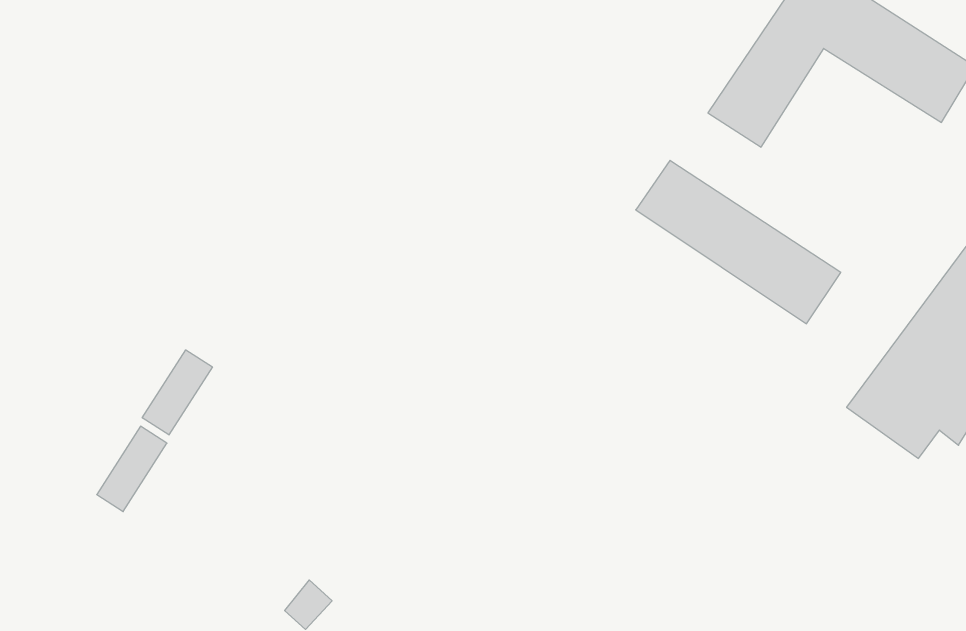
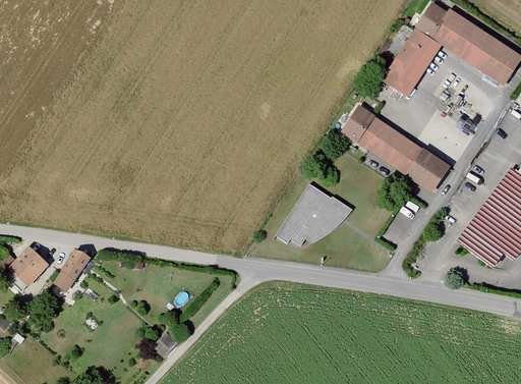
building: none -> [275,183,352,245]
building: [142,350,212,435] -> none
building: none -> [8,245,50,288]

